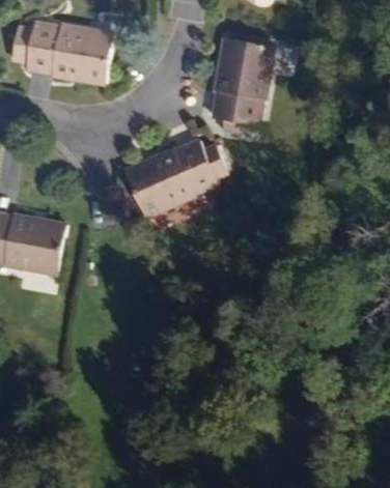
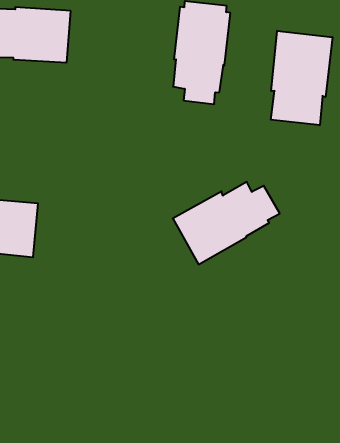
building: none -> [271,31,332,125]
building: [122,140,229,218] -> [173,182,280,264]

